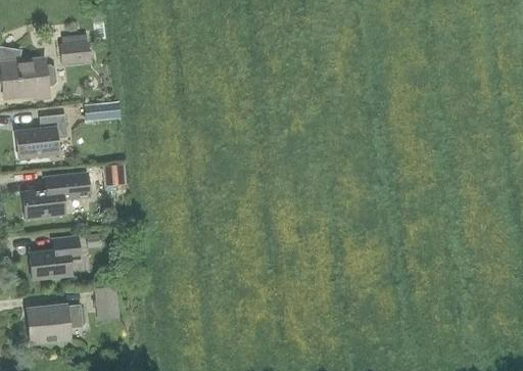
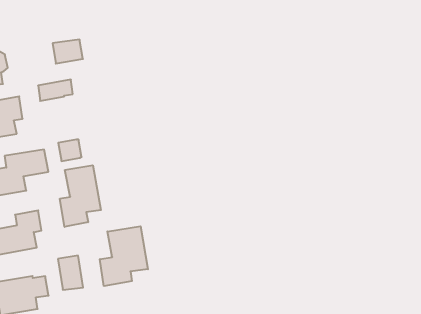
building: [59,41,90,64] -> [53,40,83,64]
building: none -> [60,165,101,227]
building: none -> [100,226,148,286]

